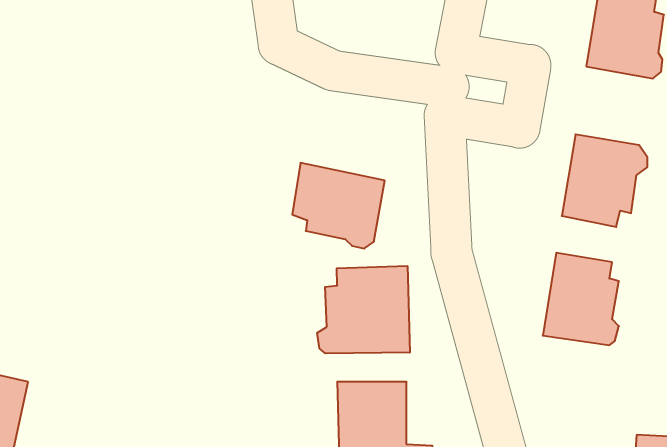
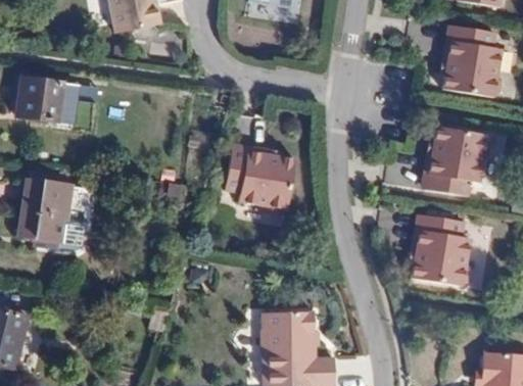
building: none -> [17,77,63,118]
building: none -> [21,178,69,240]
building: [317,266,410,353] -> none

